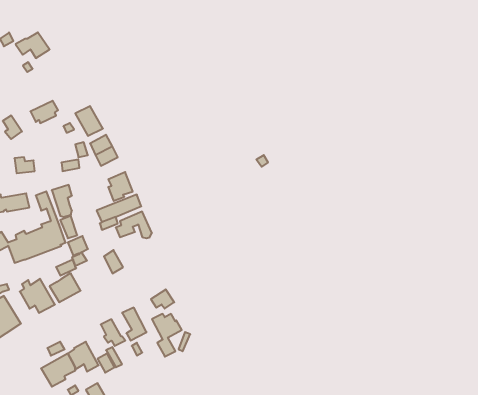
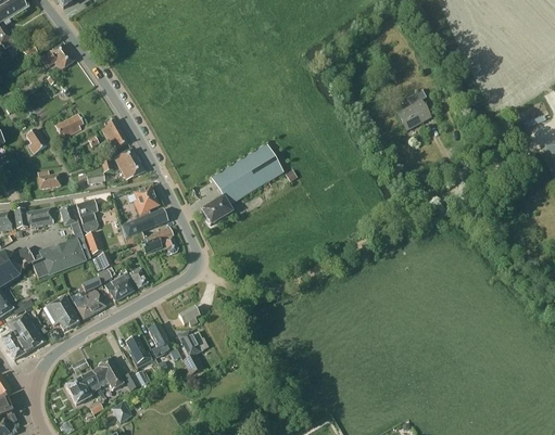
building: none -> [396,88,431,129]
building: none -> [202,143,283,223]
building: none -> [104,273,134,300]

